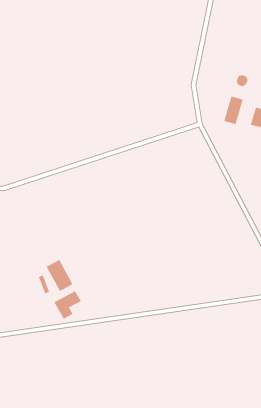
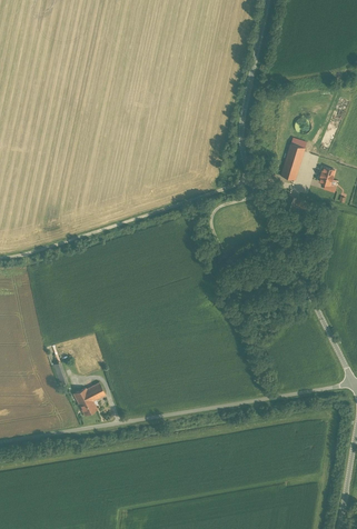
building: [46,259,73,292] -> none

